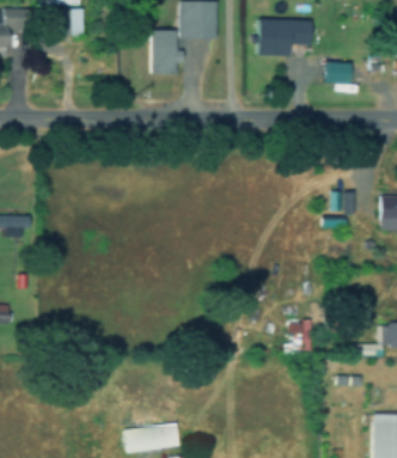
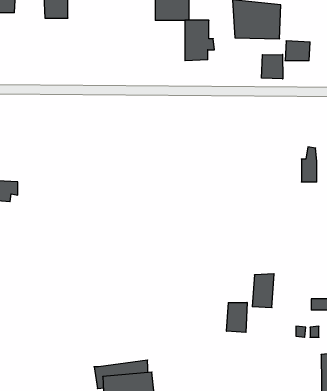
building: [153,30,185,74] -> [185,20,214,61]
building: none -> [262,54,283,79]
building: none -> [227,302,247,332]

